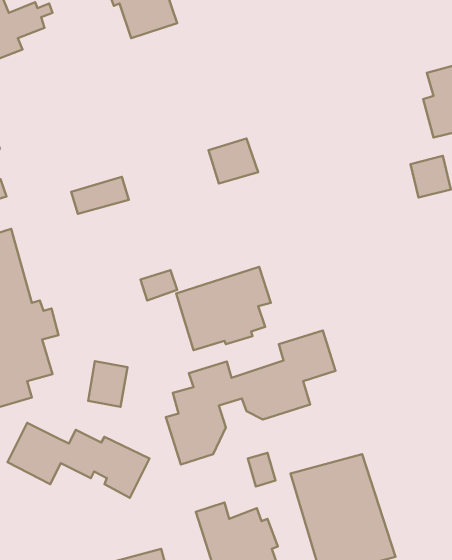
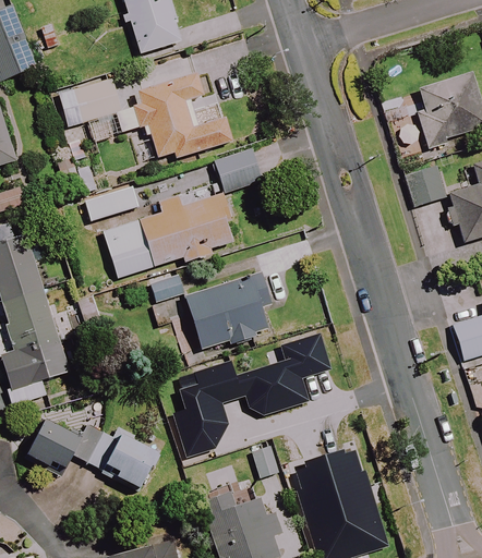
building: none -> [65,72,233,159]
building: none -> [103,191,229,277]
building: [88,361,128,407] -> none

